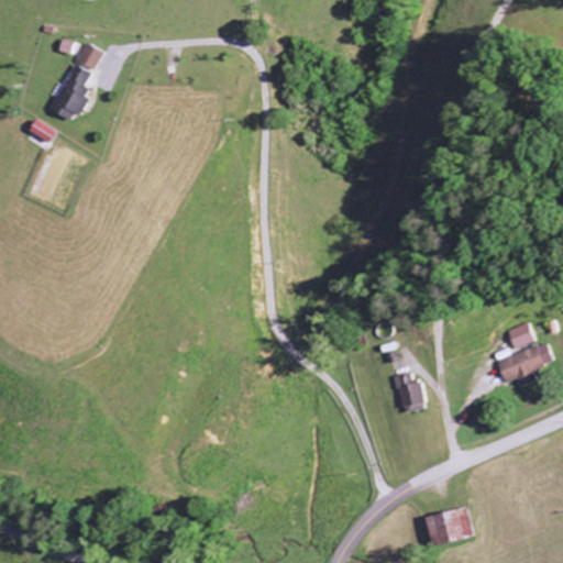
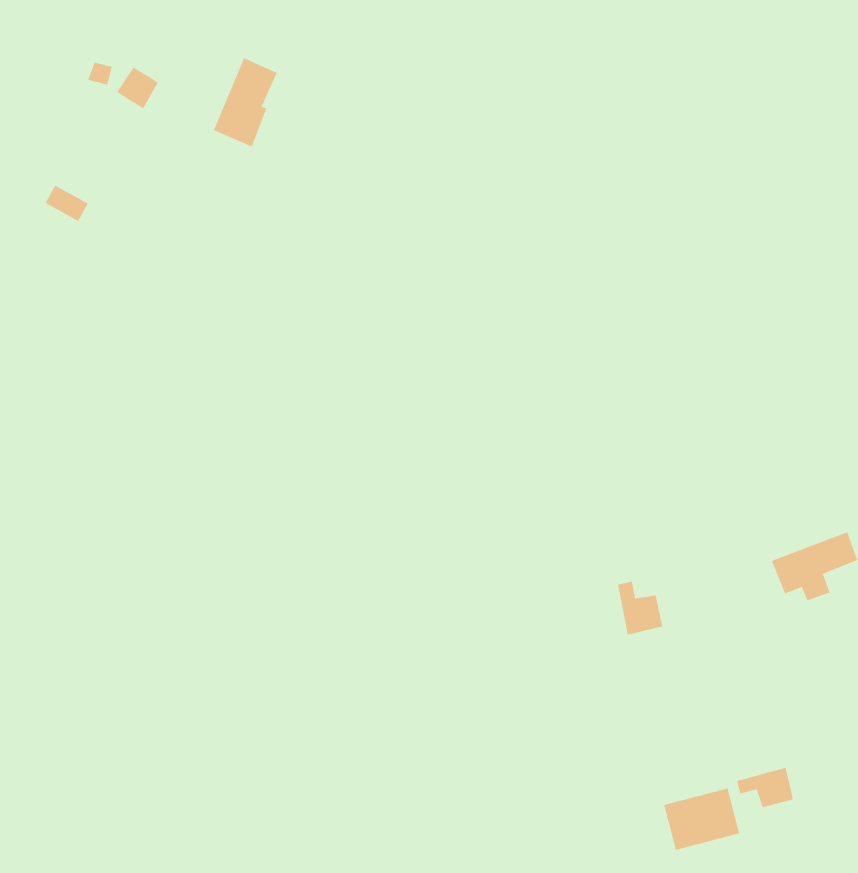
building: [51,63,92,121] -> [213,57,278,148]
building: [505,322,532,350] -> none
building: none -> [736,767,794,808]

